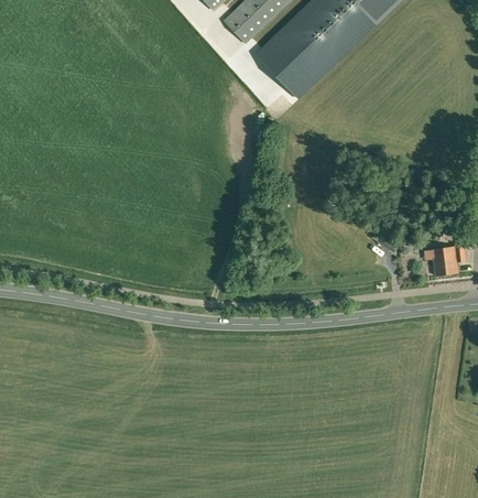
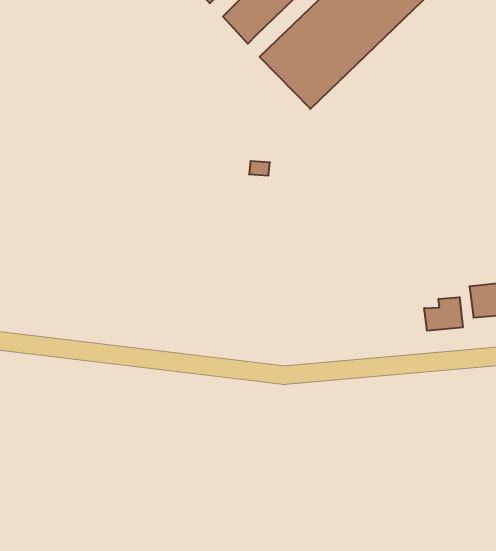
building: none -> [424,297,463,331]

